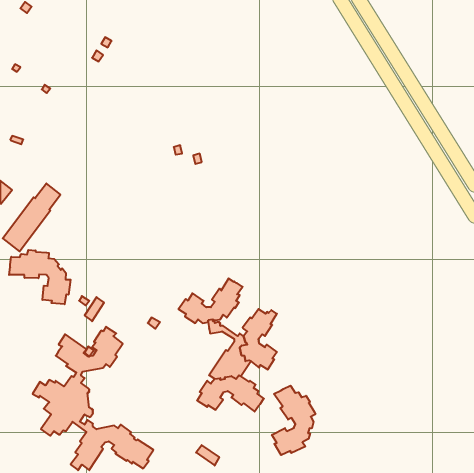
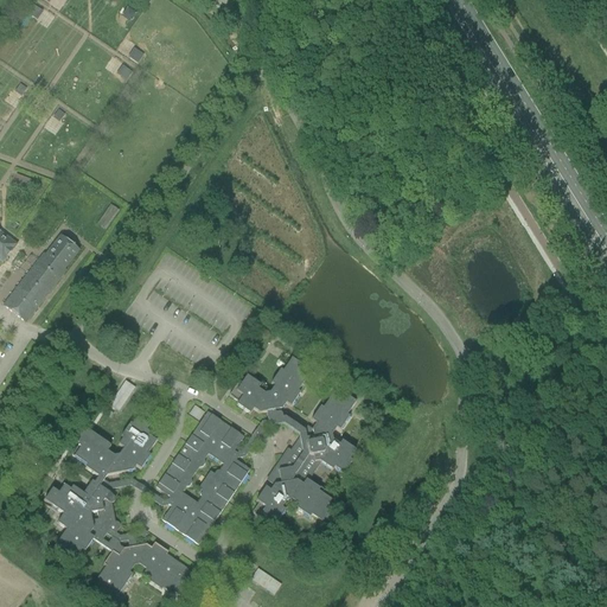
building: [9,250,71,304] -> none
building: none -> [156,410,250,543]
building: [272,386,315,455] -> none

